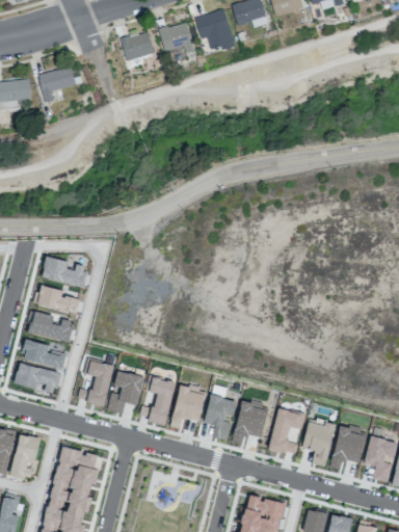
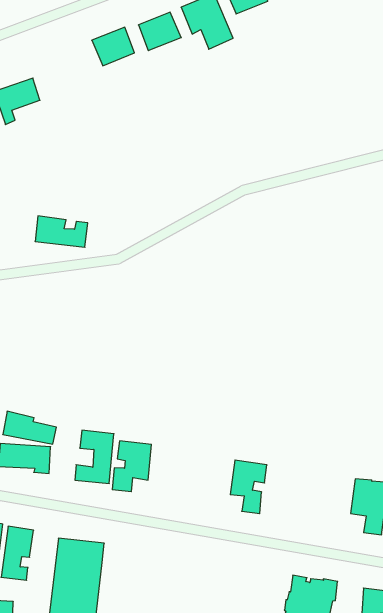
building: [42,257,86,286] -> [35,216,88,247]
building: [35,285,80,313] -> none
building: [27,311,73,341] -> none
building: [140,377,176,425] -> none
building: [170,384,207,428] -> none
building: [232,399,269,444] -> none
building: [269,408,305,454] -> none

